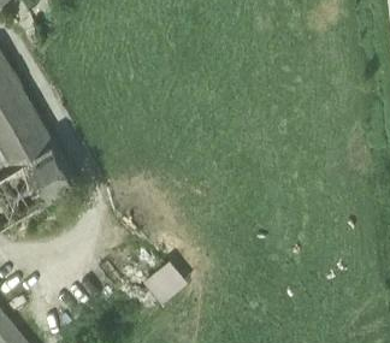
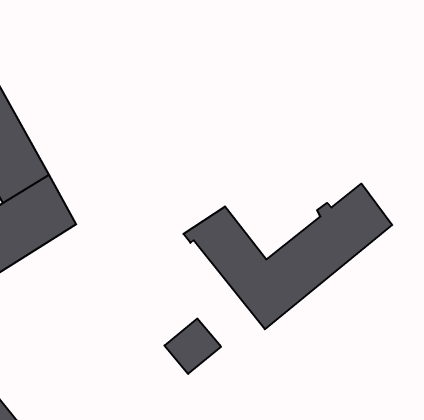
building: none -> [183,184,392,329]

